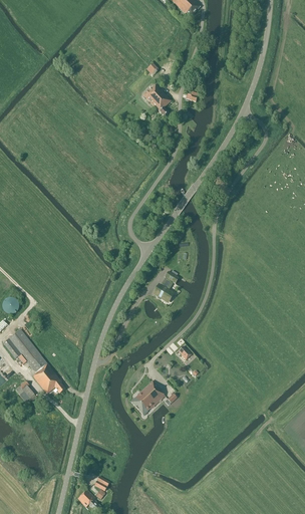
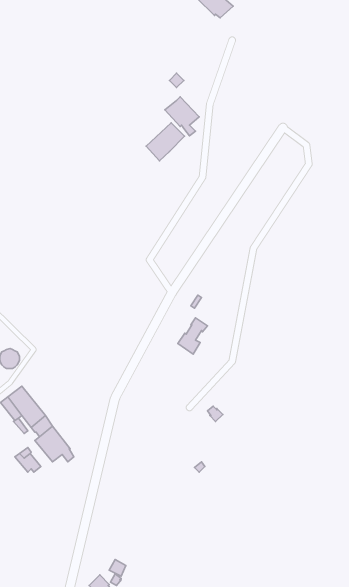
building: none -> [146,123,185,161]
building: [129,380,164,416] -> none

